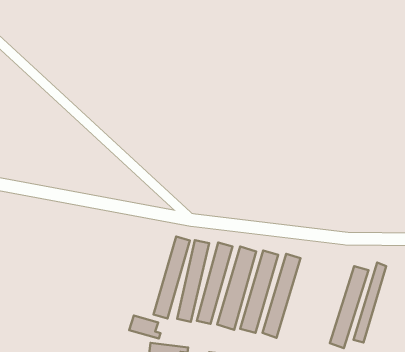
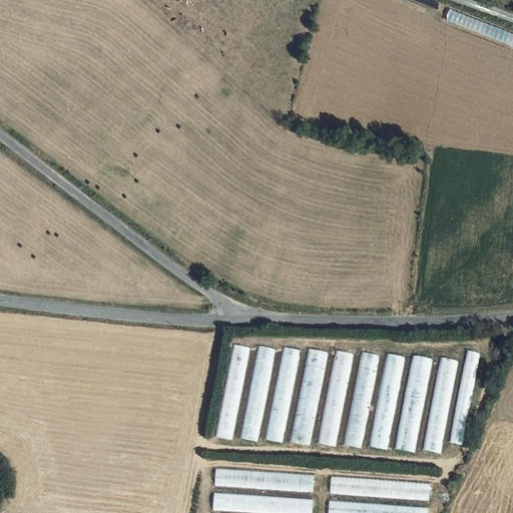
building: none -> [369,353,405,450]
building: none -> [398,355,430,452]
building: [129,316,161,339] -> none

